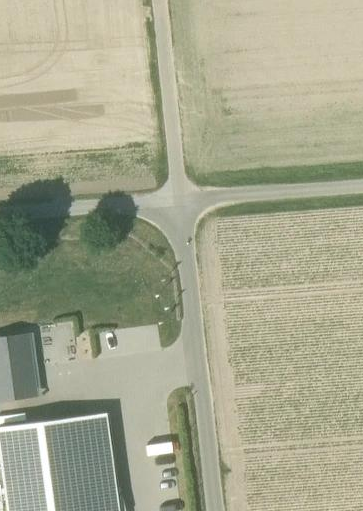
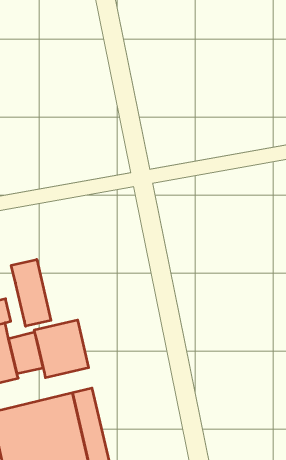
building: none -> [11,259,51,326]
building: none -> [34,320,89,378]

